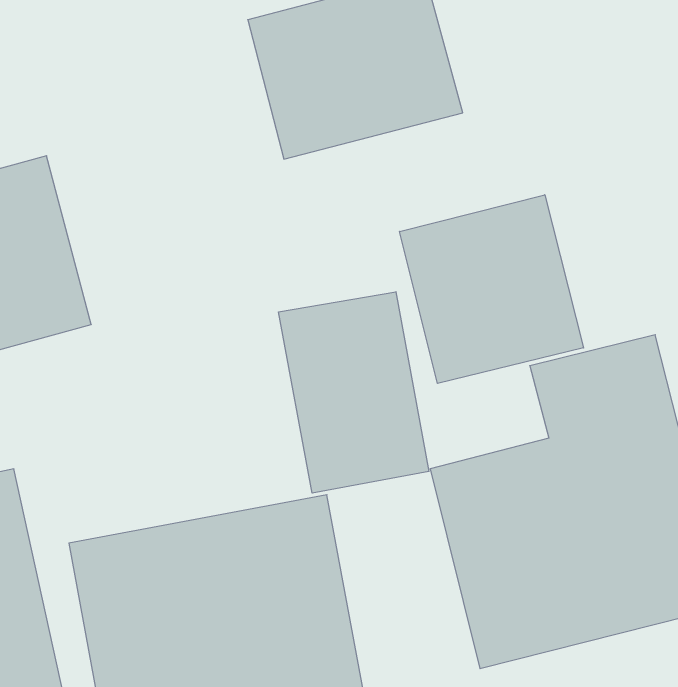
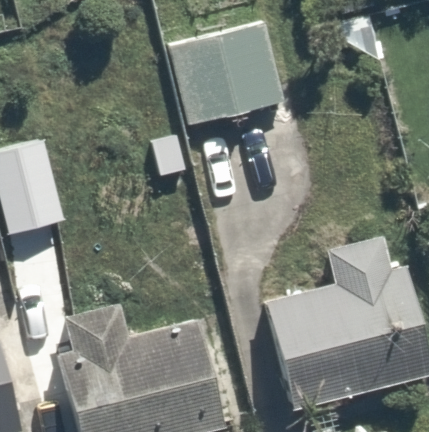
building: [400,195,584,383] -> none
building: [279,292,429,493] -> none

